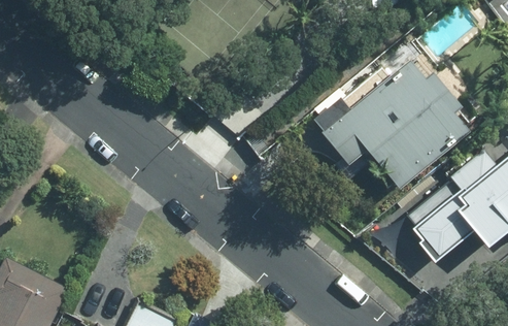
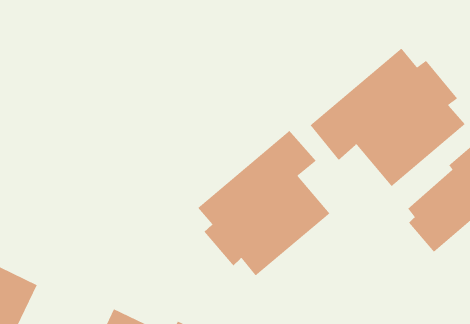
building: none -> [197,130,330,277]

